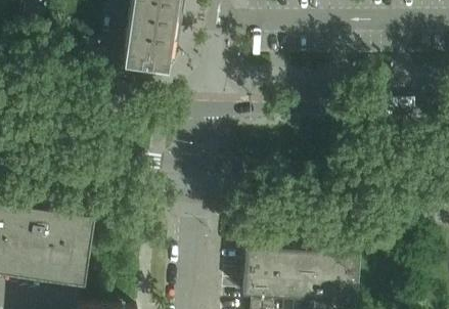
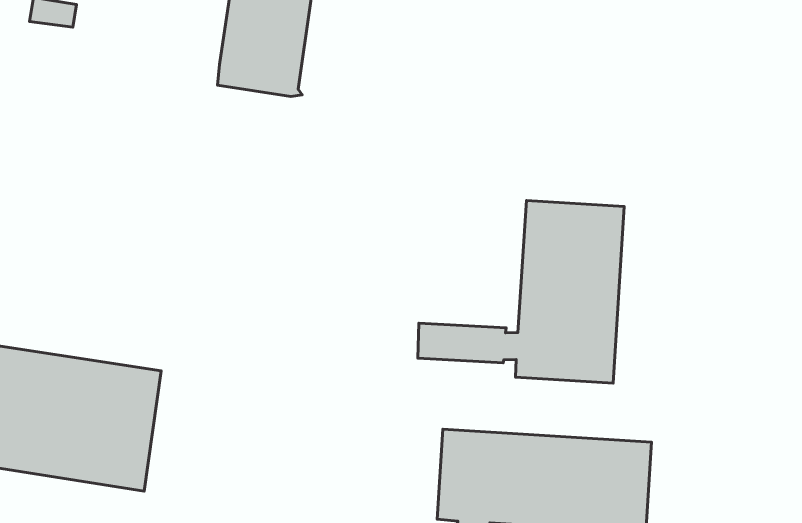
building: none -> [418,200,624,383]

